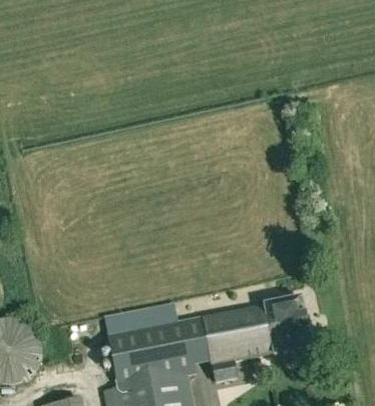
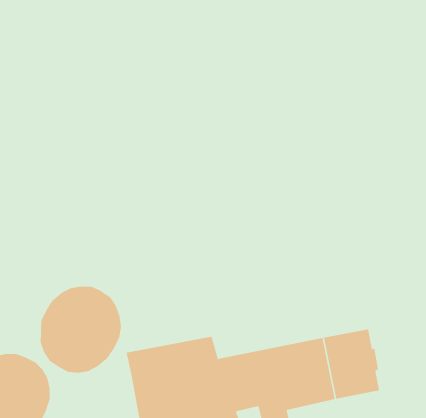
building: none -> [40,286,121,373]

